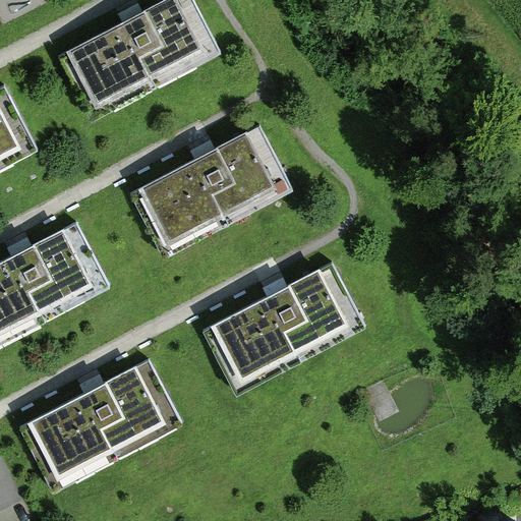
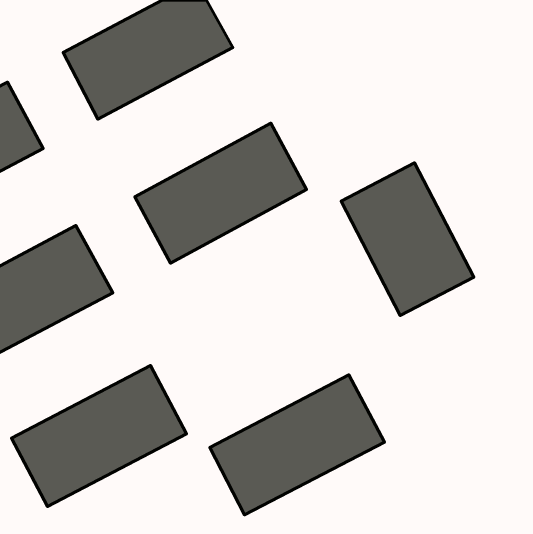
building: none -> [341,163,474,315]
building: [198,260,367,396] -> [210,375,385,515]

